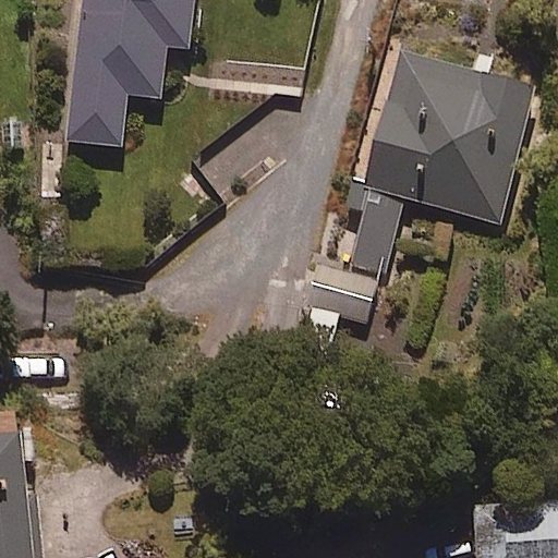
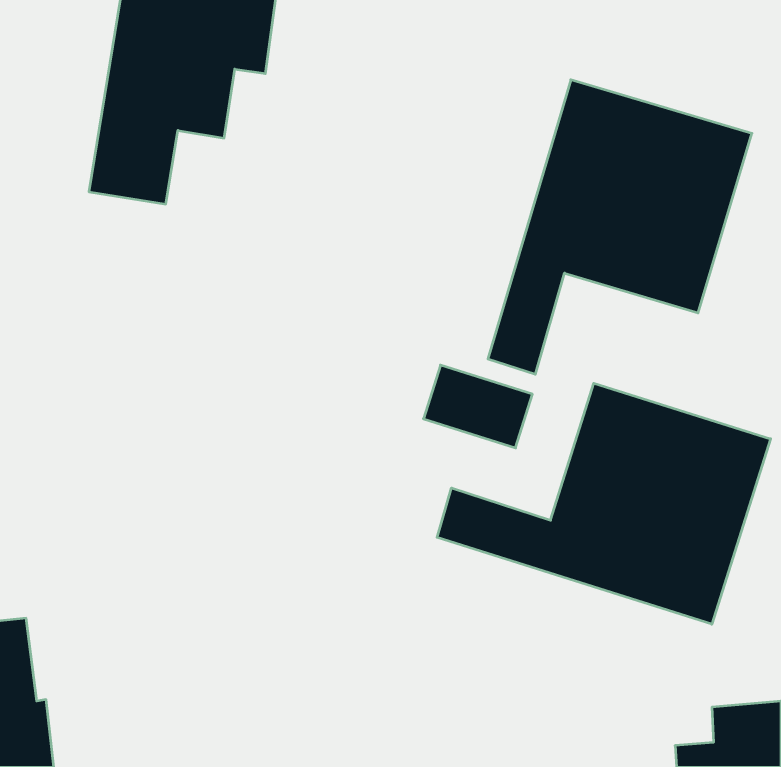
building: none -> [437,383,771,624]

